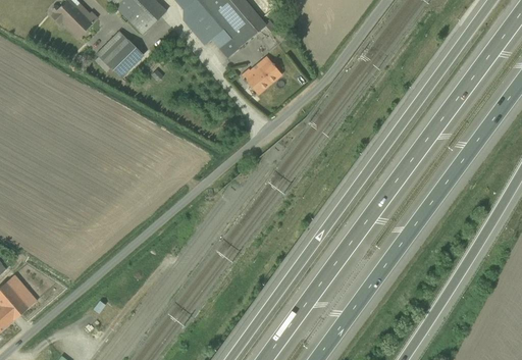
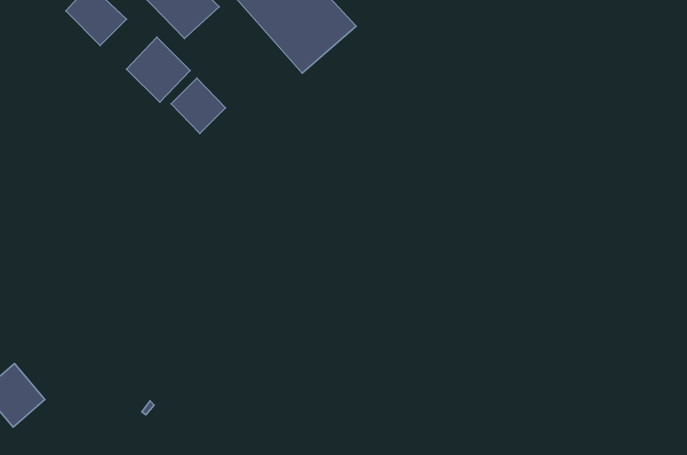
building: [242,55,281,94] -> none
building: none -> [171,78,226,134]

